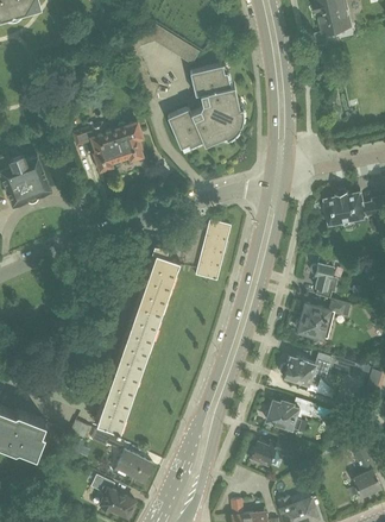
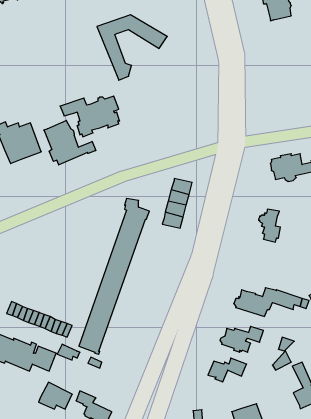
building: [168,65,244,150] -> none
building: none -> [44,120,96,165]
building: [296,302,345,338] -> none
building: [112,451,152,483] -> [39,382,72,409]

